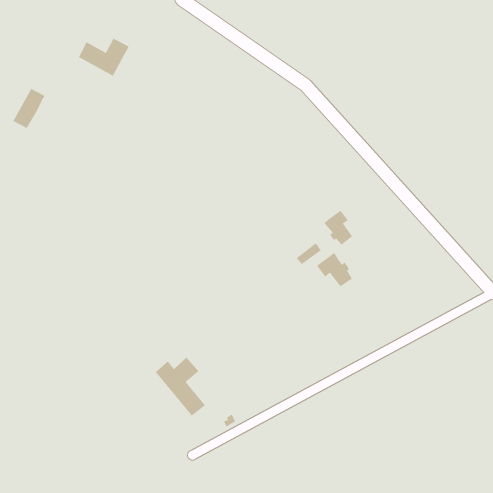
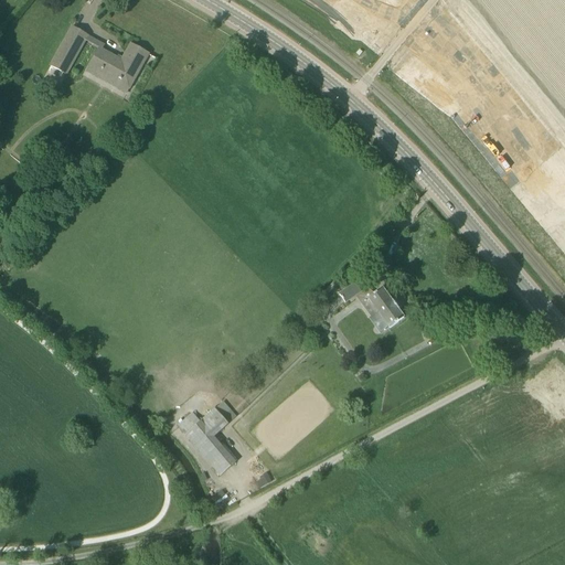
building: [13,88,45,129] -> [50,26,87,73]
building: [323,210,353,246] -> none

